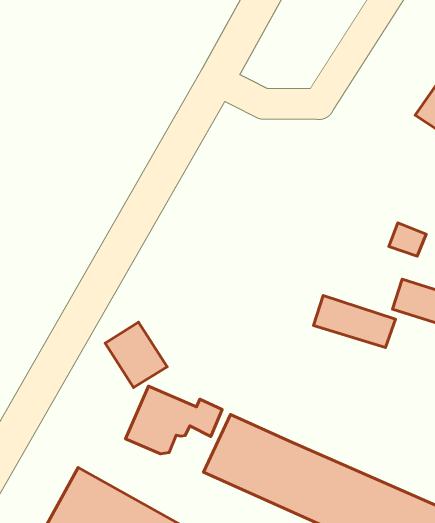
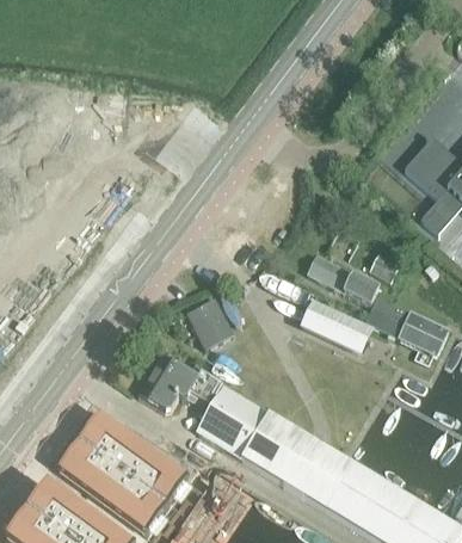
building: none -> [307,253,378,303]
building: [105,322,167,388] -> [187,297,234,348]

